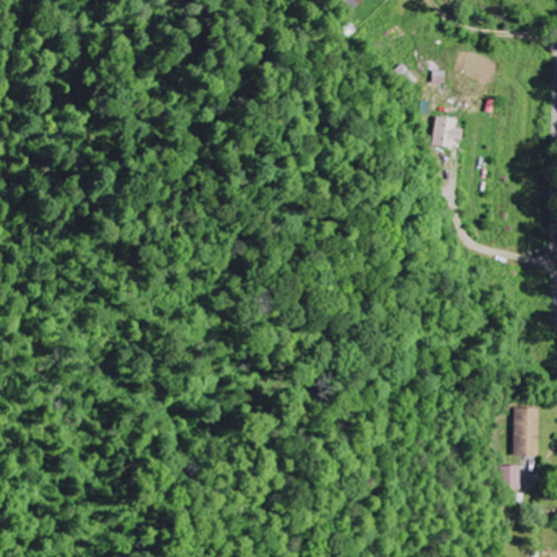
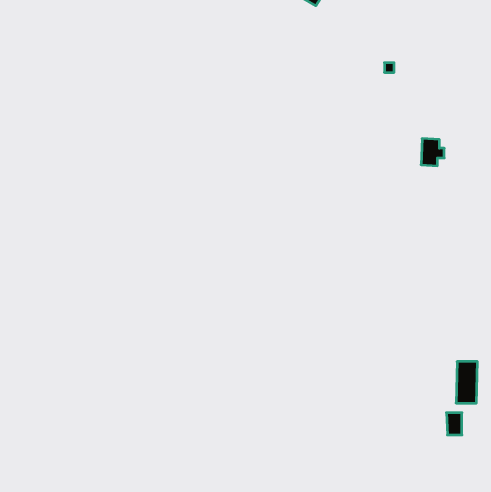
building: [435,116,461,147] -> [421,139,444,166]

